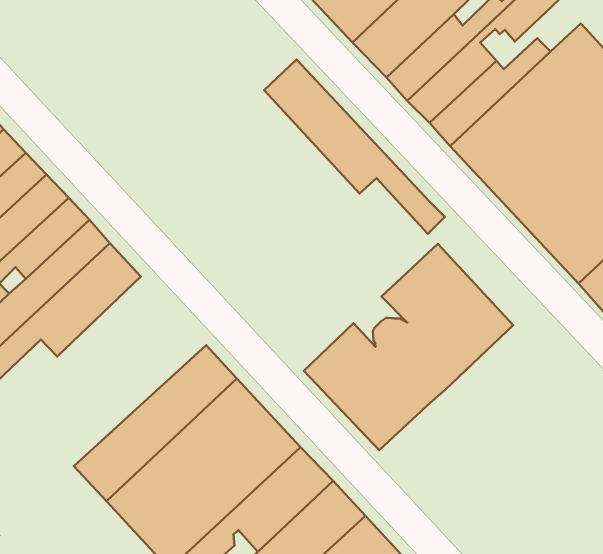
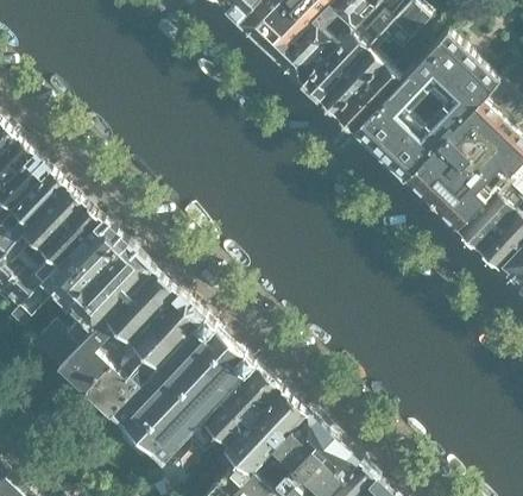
building: [264,60,445,234] -> none
building: [304,244,513,450] -> none
building: none -> [30,243,175,404]

